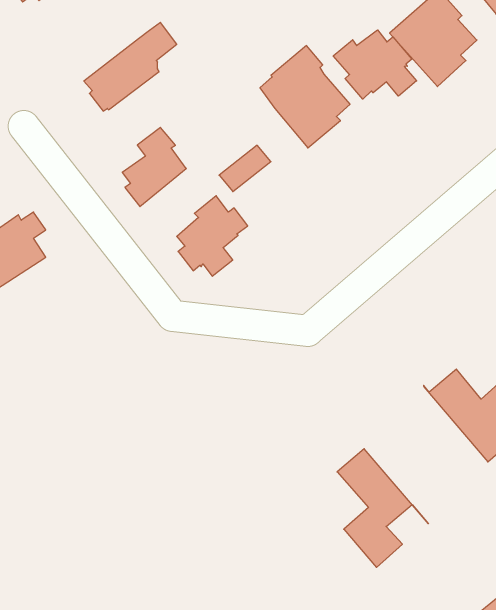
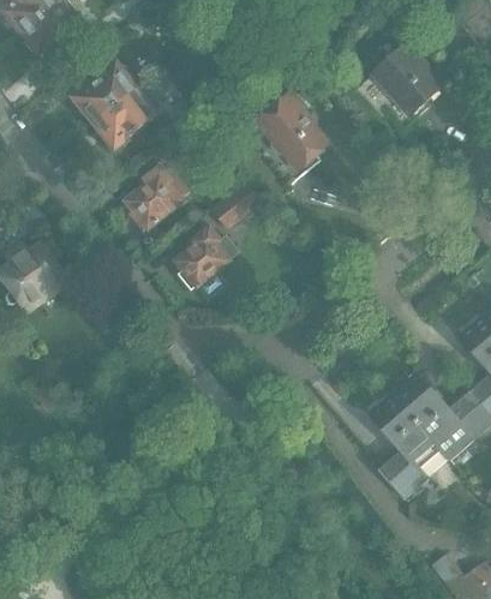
building: none -> [73,64,152,124]
building: [333,30,417,99] -> none
building: [337,449,428,567] -> [370,393,450,497]

